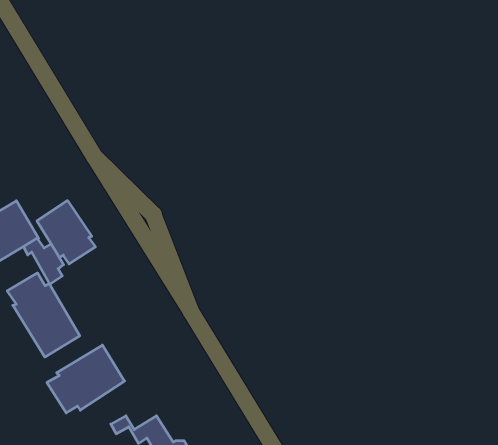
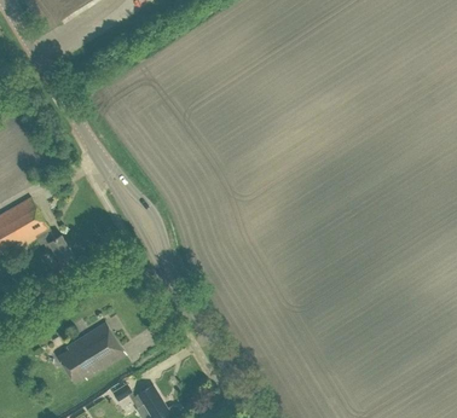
building: [37,201,95,264] -> none
building: [7,273,80,357] -> none

